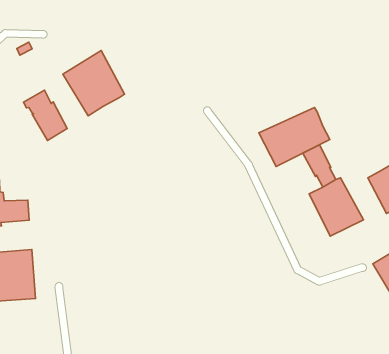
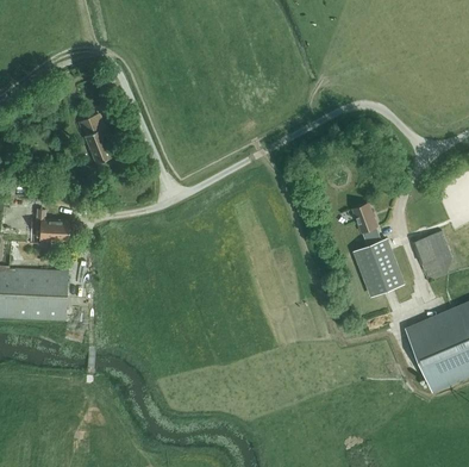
building: [63,50,124,116] -> none
building: [259,108,330,166] -> none

